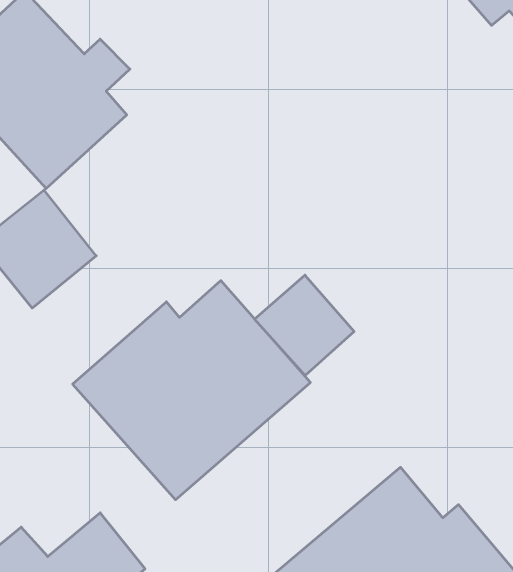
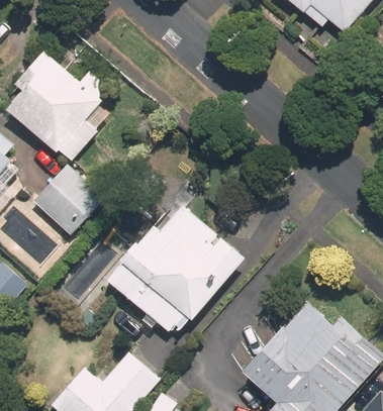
building: [255,275,354,376] -> none

